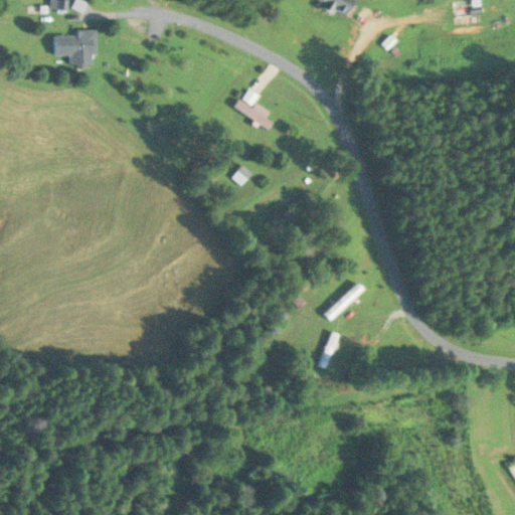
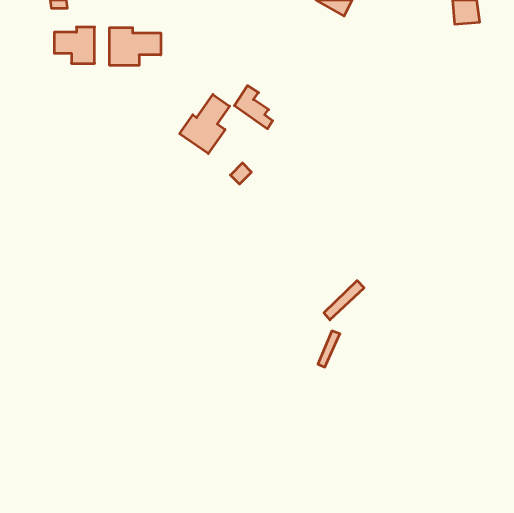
building: none -> [110,28,161,65]
building: none -> [180,94,230,154]

